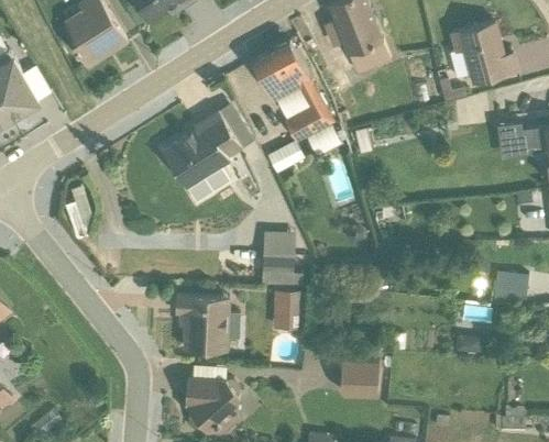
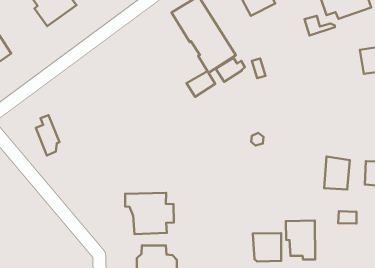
building: [163,103,253,202] -> none
building: [261,231,303,286] -> none
building: none -> [324,157,350,190]
building: [273,290,305,330] -> none
building: none -> [286,220,315,260]

